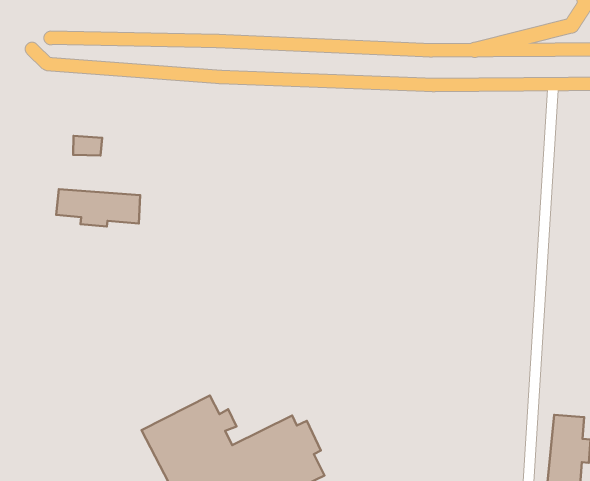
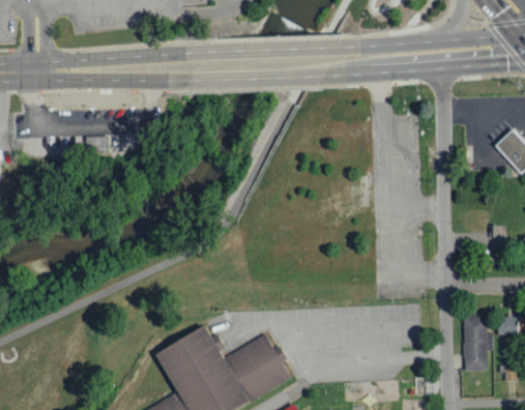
building: [56,189,140,227] -> none

